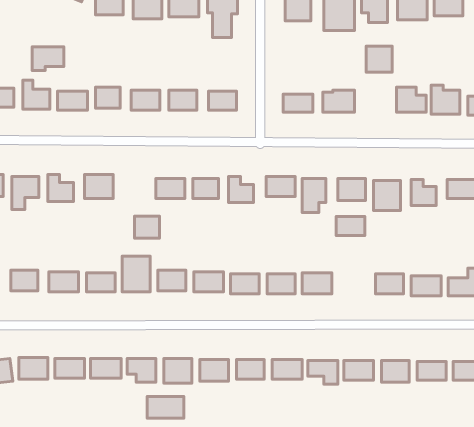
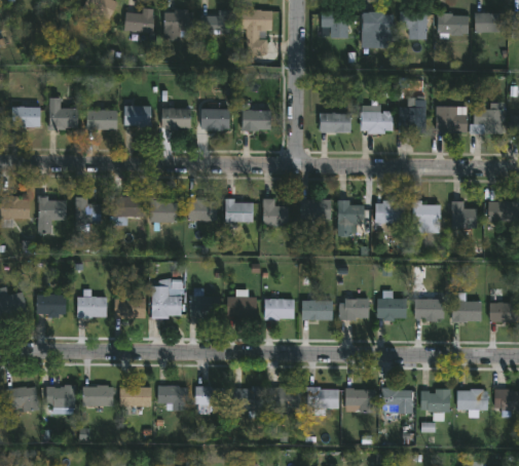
building: [366,46,392,72] -> [399,105,425,131]
building: [32,47,64,70] -> none
building: [135,216,159,238] -> [150,198,176,221]
building: [336,217,365,236] -> [376,299,406,318]
building: [147,397,184,418] -> none

